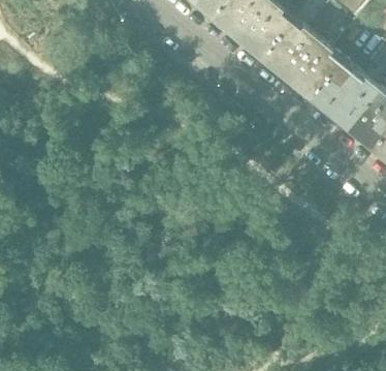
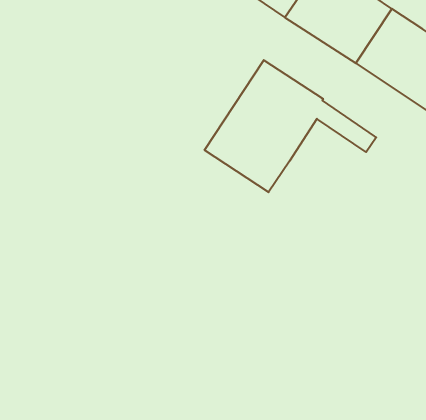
building: none -> [205,60,376,192]

